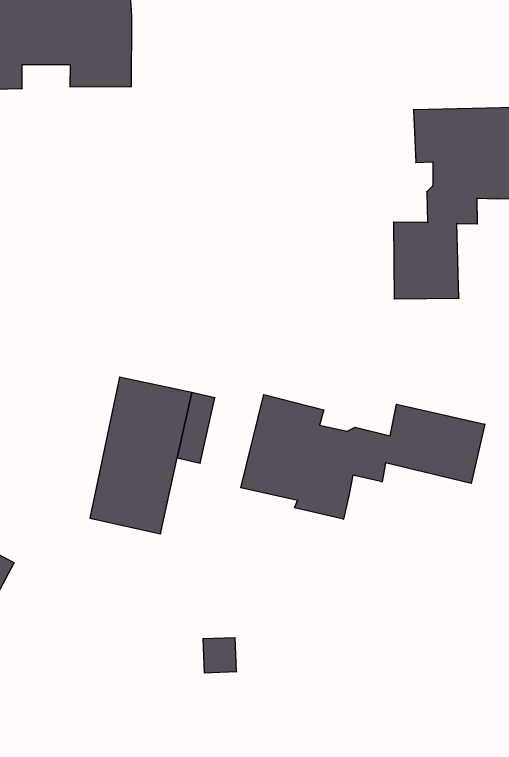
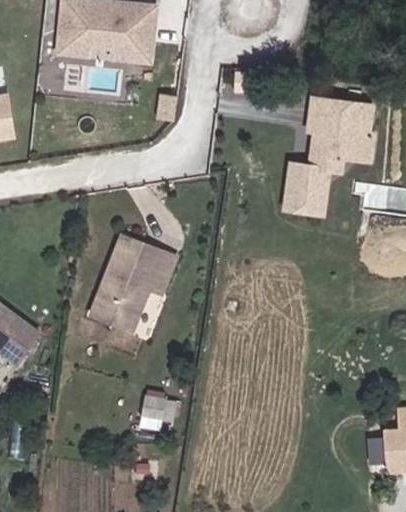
building: [241,395,485,519] -> none

